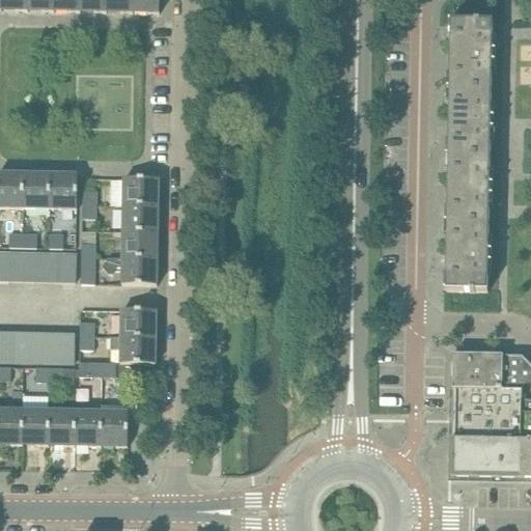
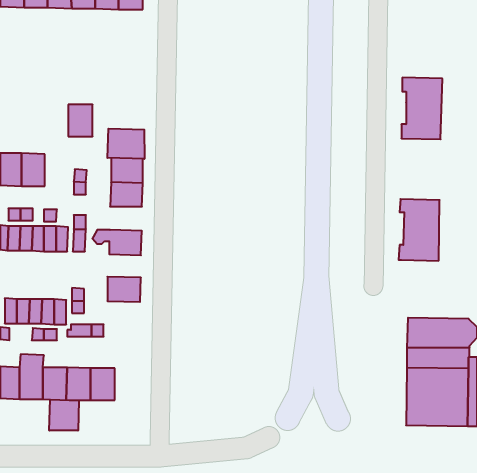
building: [447,19,493,87] -> none
building: none -> [107,129,144,159]
building: [445,153,490,222] -> none
building: [50,171,77,206] -> [68,105,93,136]
building: [122,229,158,256] -> none
building: [109,334,156,362] -> none
building: none -> [49,400,79,431]

